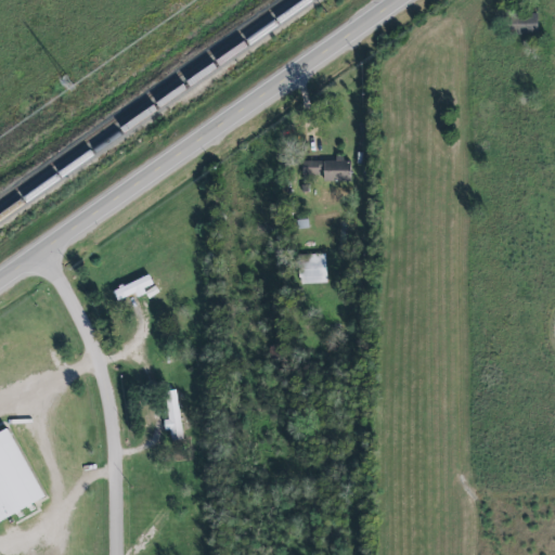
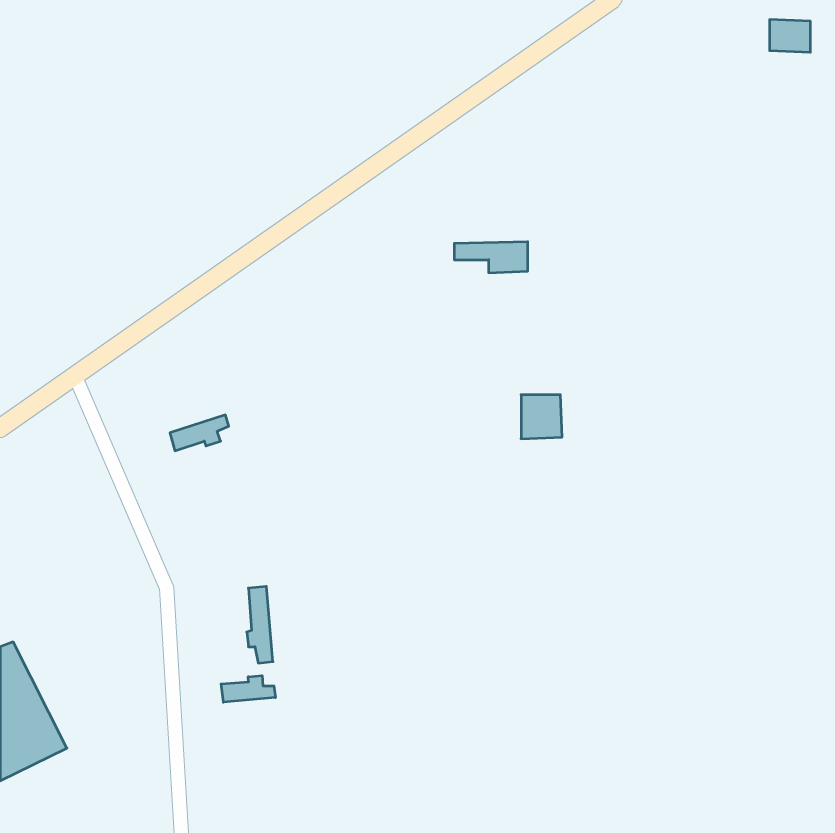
building: [299,254,326,283] -> [521,395,562,439]
building: none -> [221,676,275,702]

